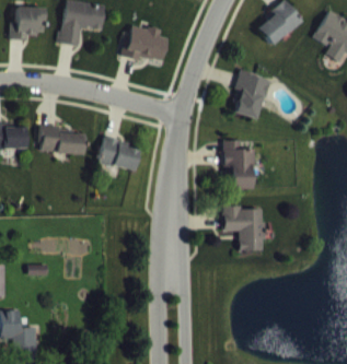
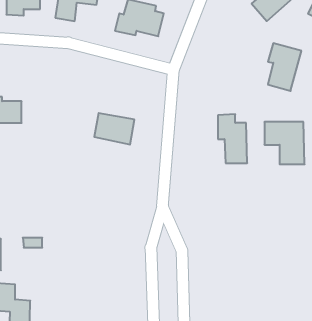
building: [234,71,268,119] -> [268,43,301,91]
building: [39,126,83,153] -> none
building: [223,208,264,250] -> [264,122,305,164]

